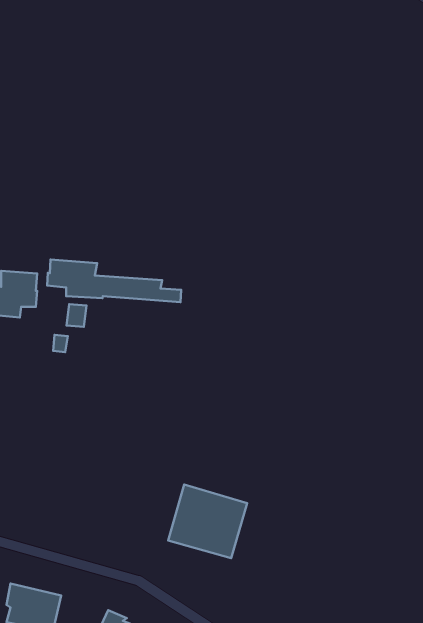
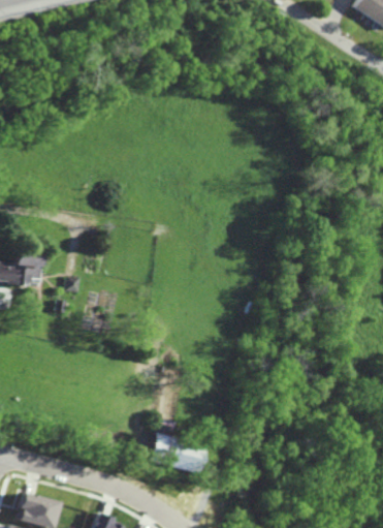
building: [47,260,181,302] -> none

